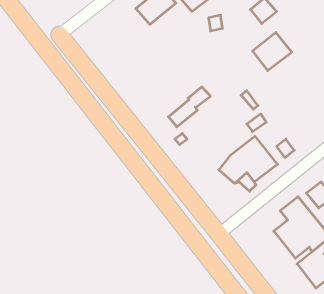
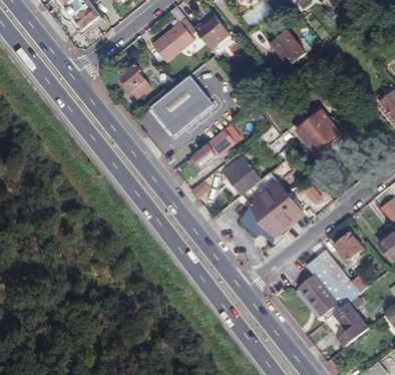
building: none -> [117,58,151,97]
building: [253,32,292,71] -> [297,111,339,152]
building: none -> [149,75,212,135]
building: none -> [222,160,261,195]

